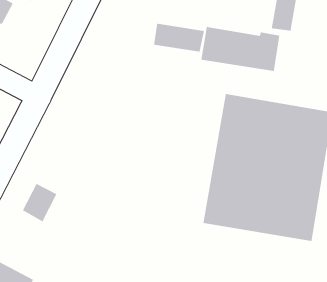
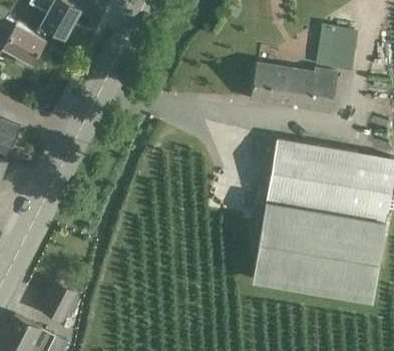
building: [153,23,205,53] -> none
building: [22,183,57,222] -> [39,281,78,324]

